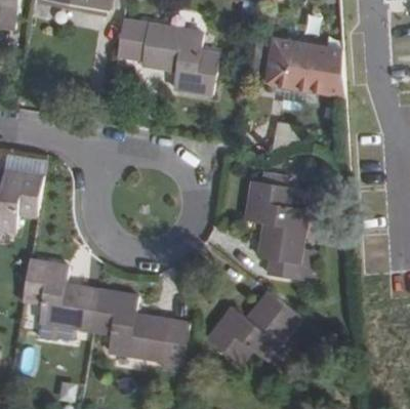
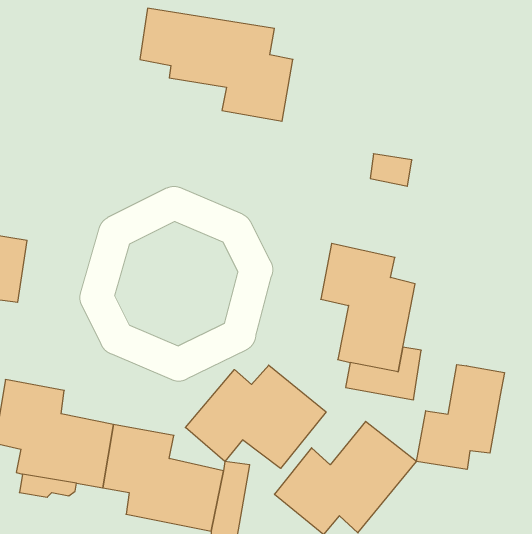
building: [260,31,341,92] -> none
building: none -> [417,365,504,469]
building: none -> [185,365,326,468]

